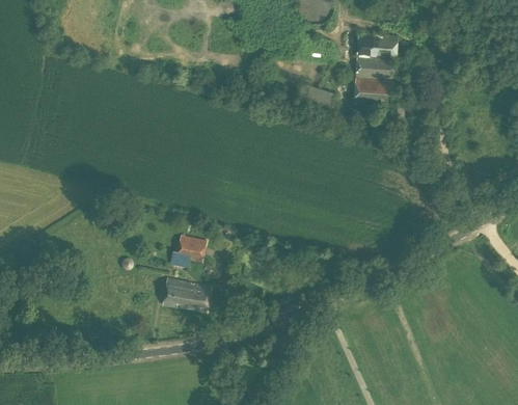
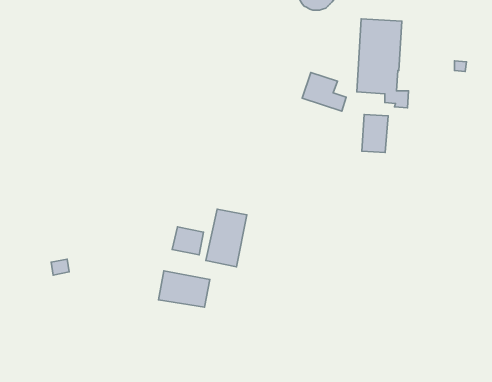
building: none -> [362,115,388,152]
building: none -> [206,209,247,267]

